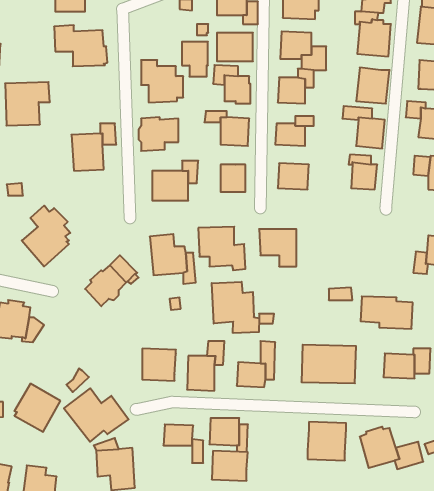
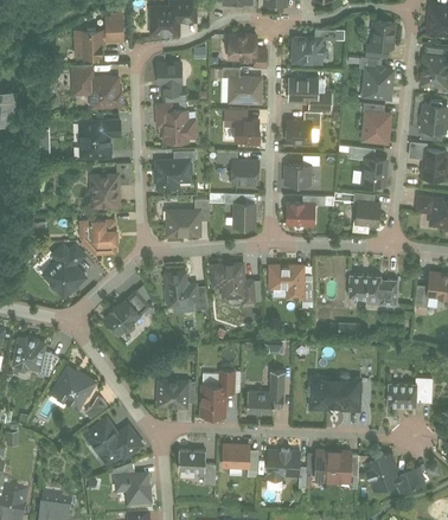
building: [182,42,208,77] -> [156,62,181,95]
building: [5,82,50,126] -> [78,117,121,159]
building: none -> [78,219,119,256]
building: [212,282,259,333] -> none
building: [361,296,413,329] -> [347,274,397,304]
building: [14,384,60,432] -> [50,365,94,411]
building: [212,451,248,481] -> [265,450,300,479]

